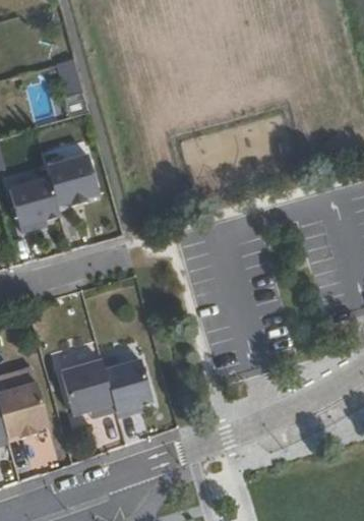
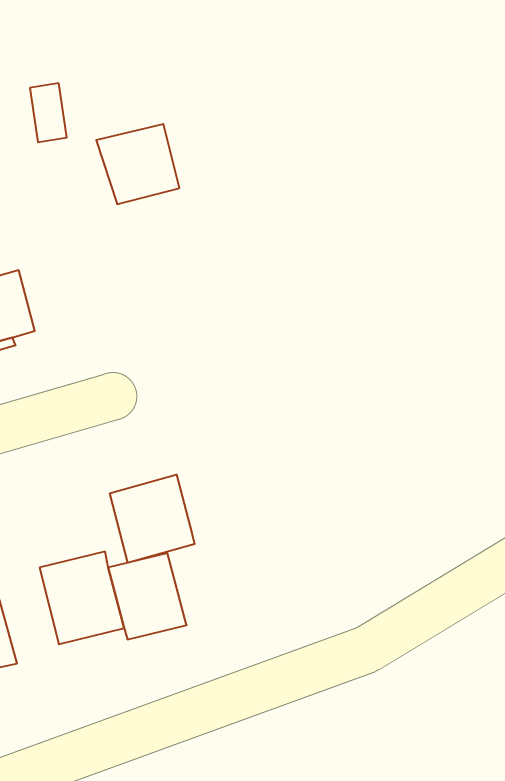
building: [48,153,101,204] -> [96,124,179,204]
building: none -> [110,475,195,563]

